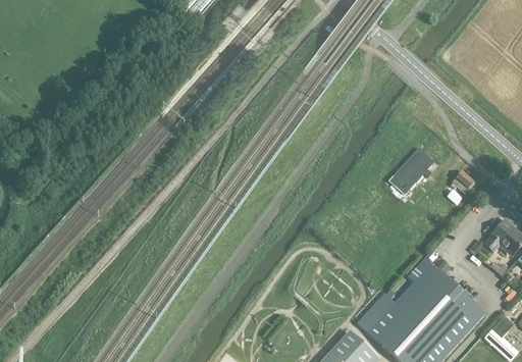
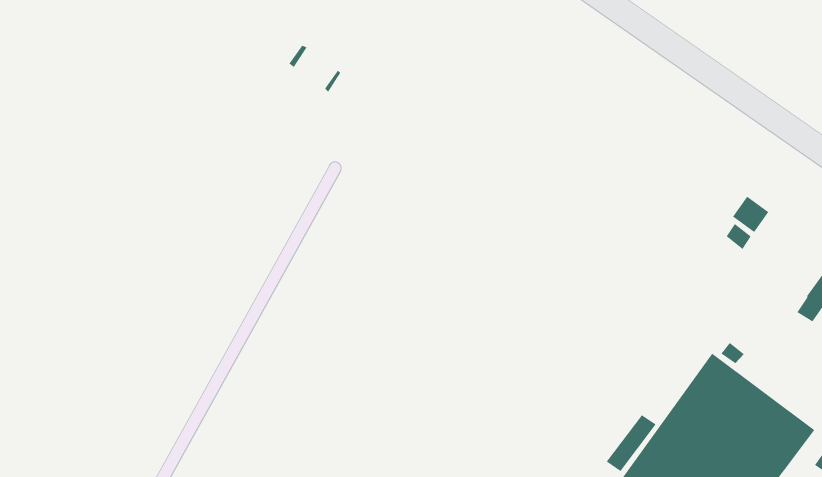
building: [389,147,433,193] -> none

